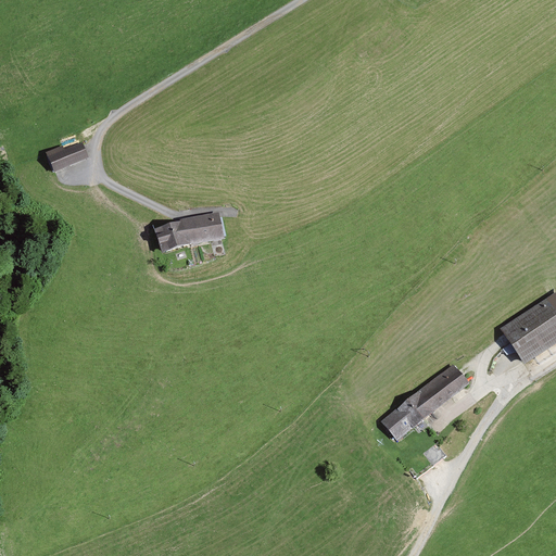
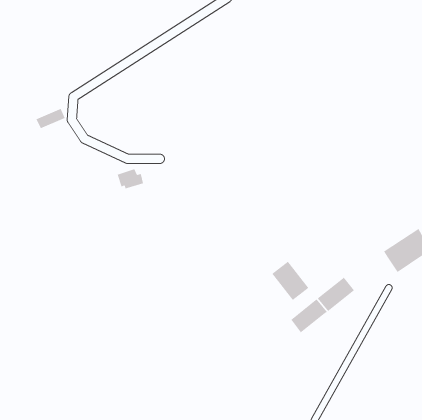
building: [178,214,224,241] -> none
building: none -> [271,261,309,301]

